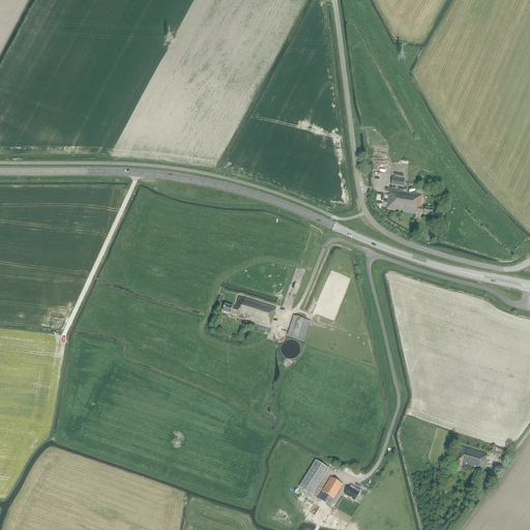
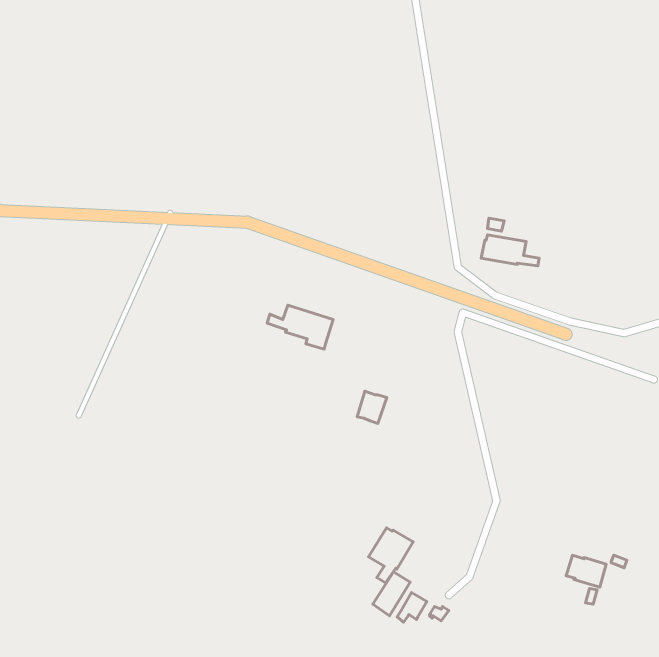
building: [223,295,275,330] -> [267,305,333,349]
building: none -> [369,528,413,583]

